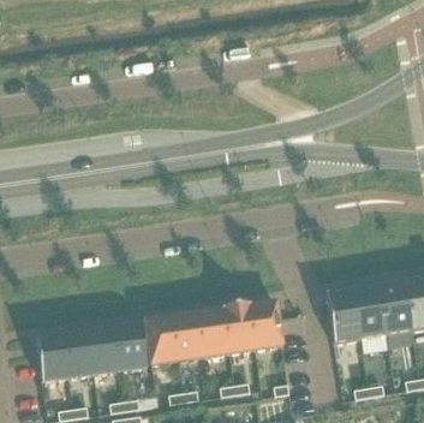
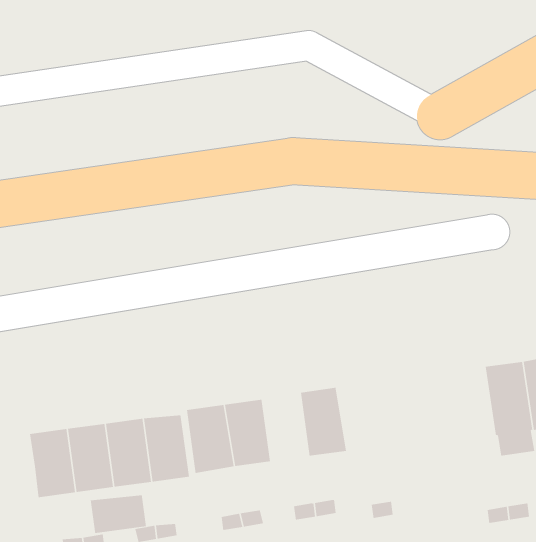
building: [327,288,360,341] -> none
building: [250,299,282,347] -> none
building: [198,306,231,355] -> none
building: none -> [90,494,146,534]

